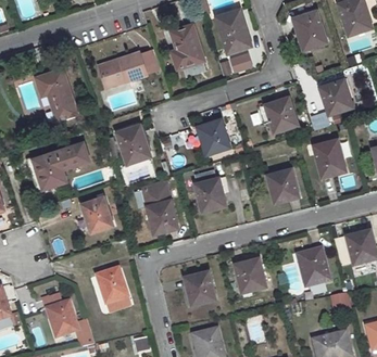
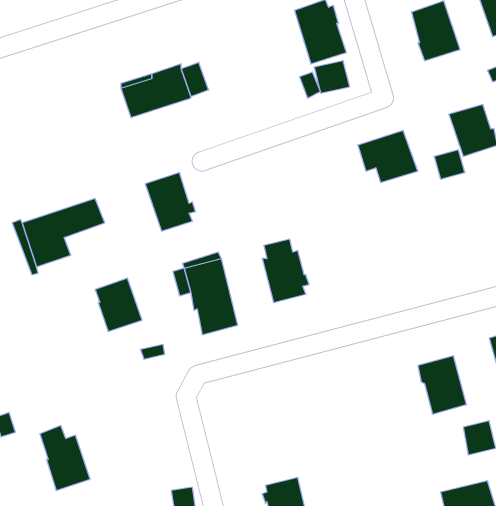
building: [171,23,204,68] -> none
building: [36,68,76,119] -> none
building: [198,118,229,154] -> none
building: [313,138,344,177] -> none
building: [267,168,298,203] -> none
building: [234,257,265,292] -> none
building: [97,268,128,304] -> none
building: [185,269,215,303] -> none

